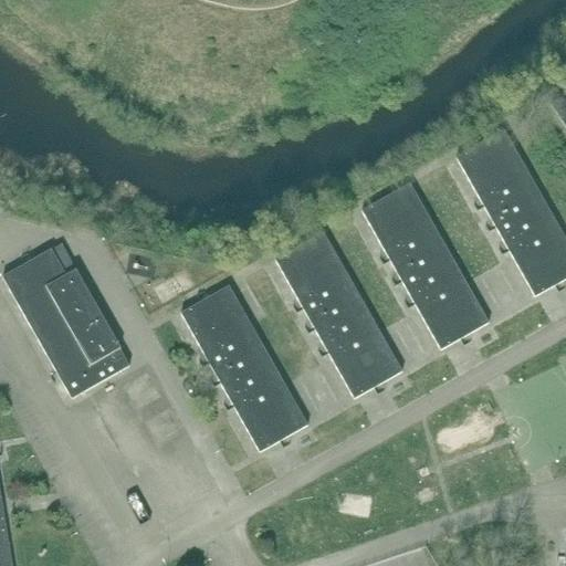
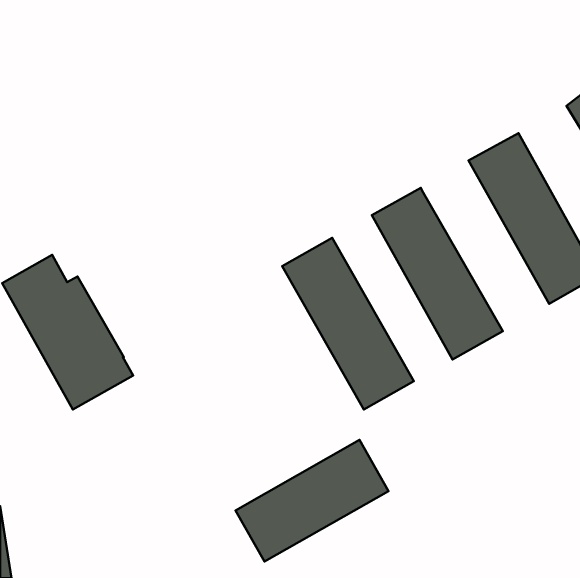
building: [181,284,308,451] -> none
building: none -> [235,440,389,561]

